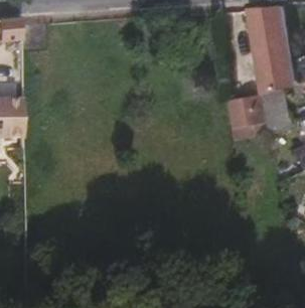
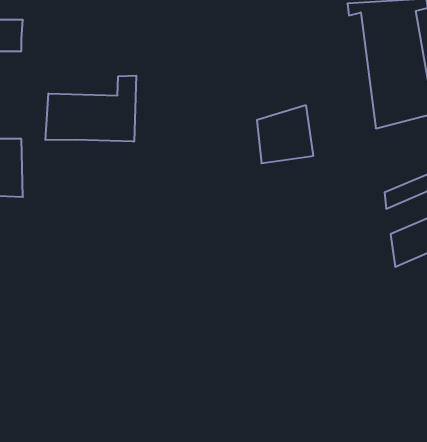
building: none -> [45,76,136,142]
building: [230,91,268,130] -> [257,105,313,163]

